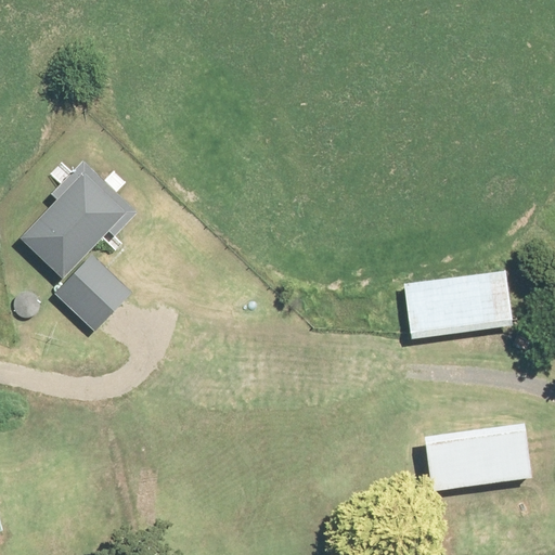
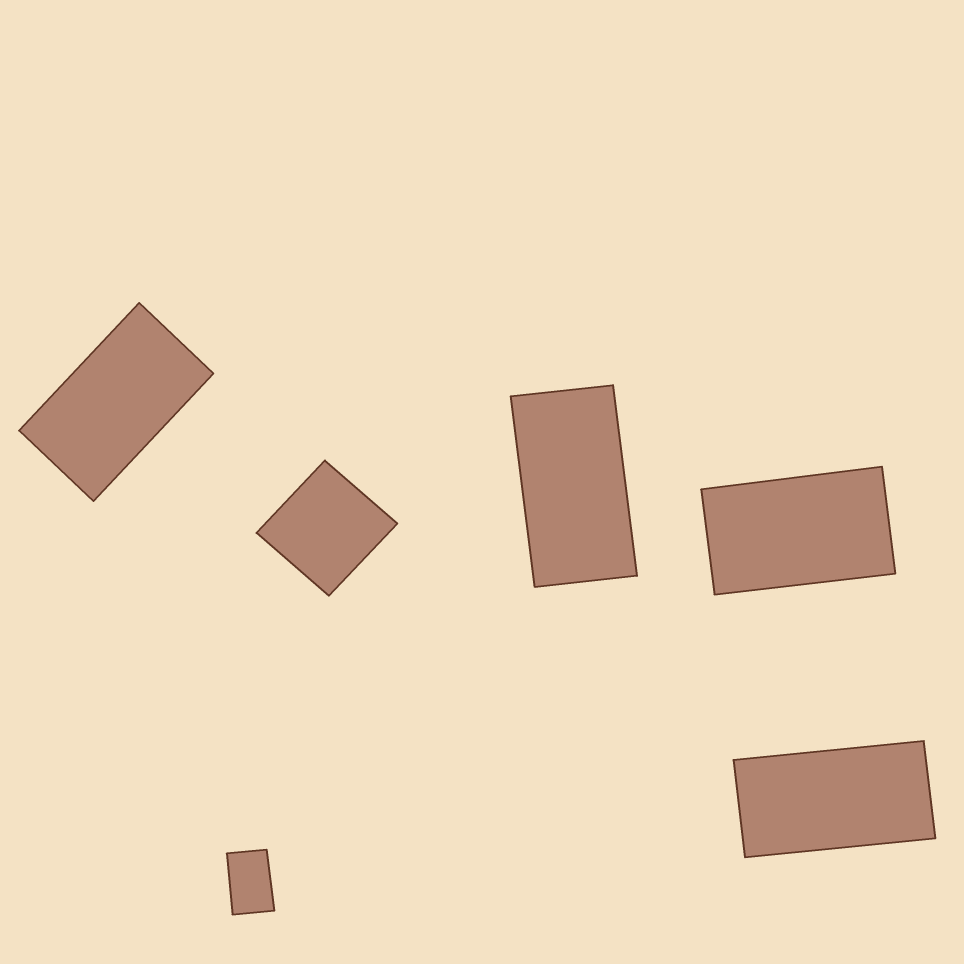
building: none -> [511,385,637,587]
building: [47,261,127,338] -> [256,460,397,596]

